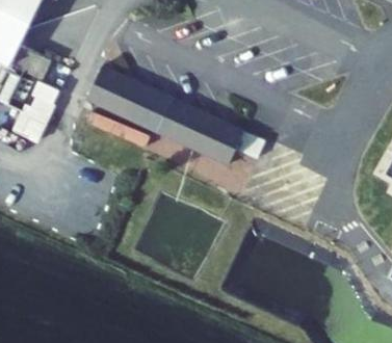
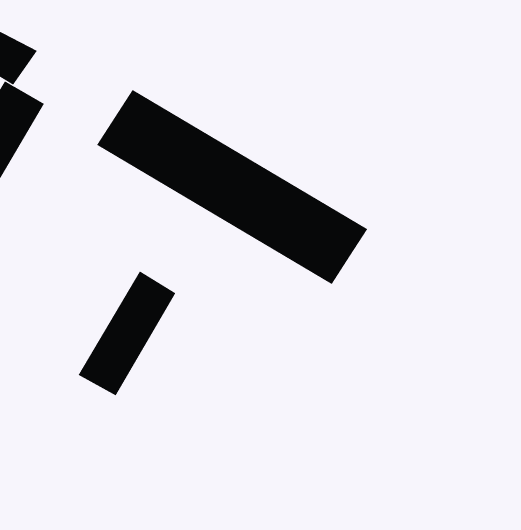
building: none -> [78,270,176,396]

